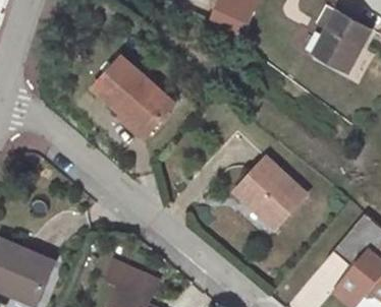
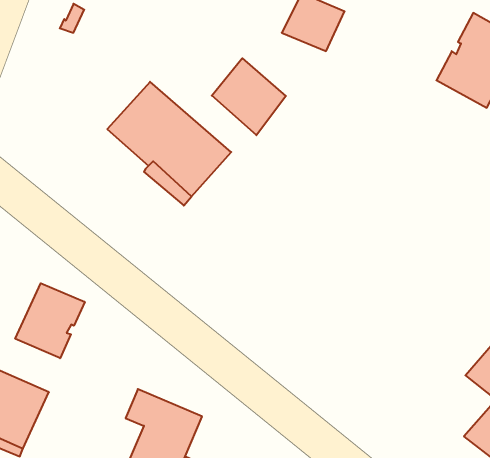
building: none -> [212,58,286,135]
building: [234,158,305,228] -> none
building: none -> [15,283,85,358]

